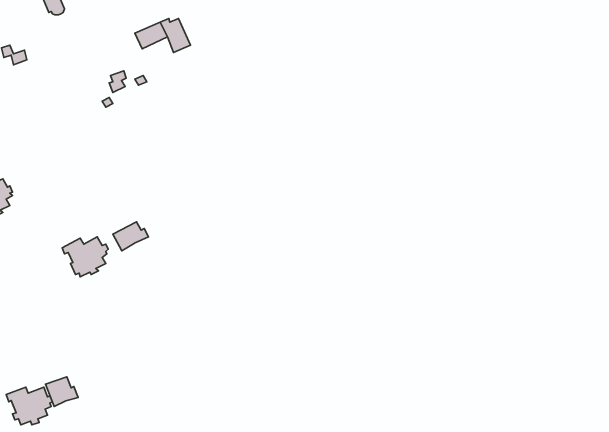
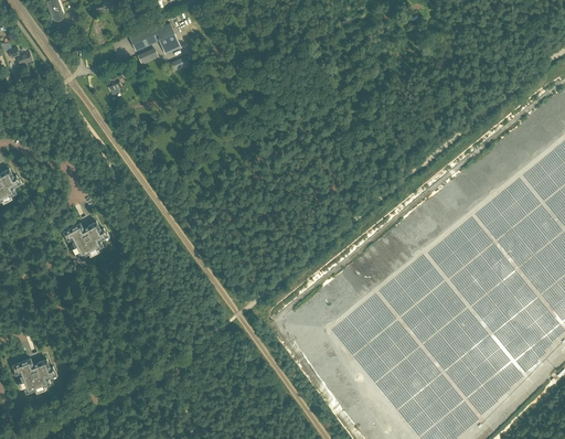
building: [113,222,149,251] -> none
building: [46,377,78,406] -> none

